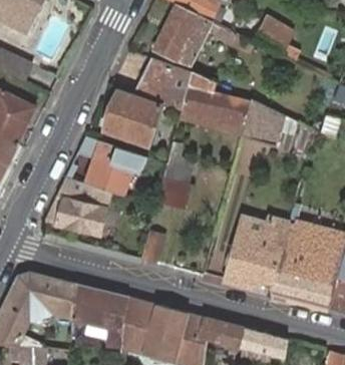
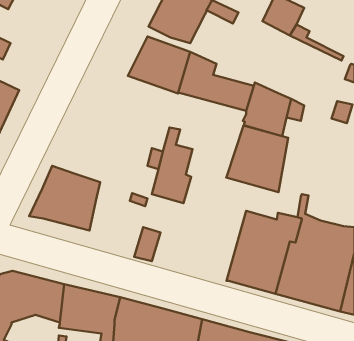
building: [102,89,159,145] -> none
building: none -> [226,126,288,192]
building: [84,140,137,196] -> none

